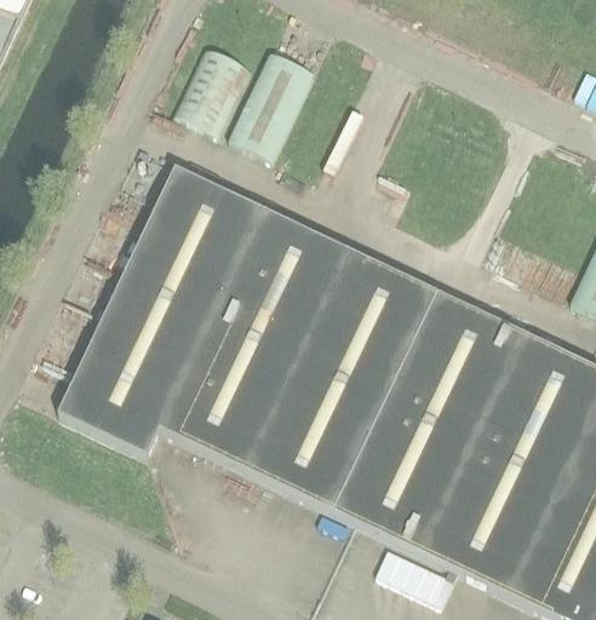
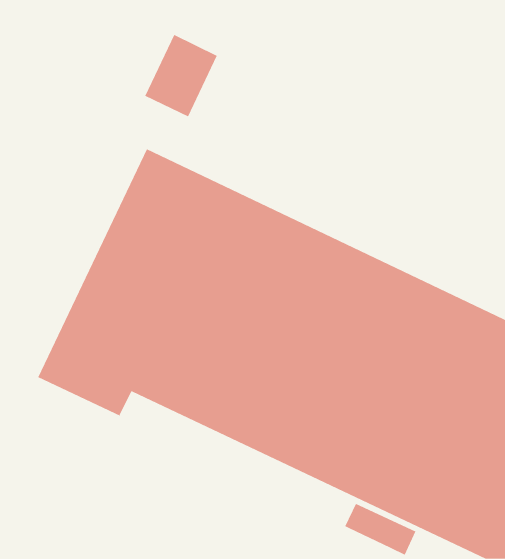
building: [230,48,315,157] -> none

